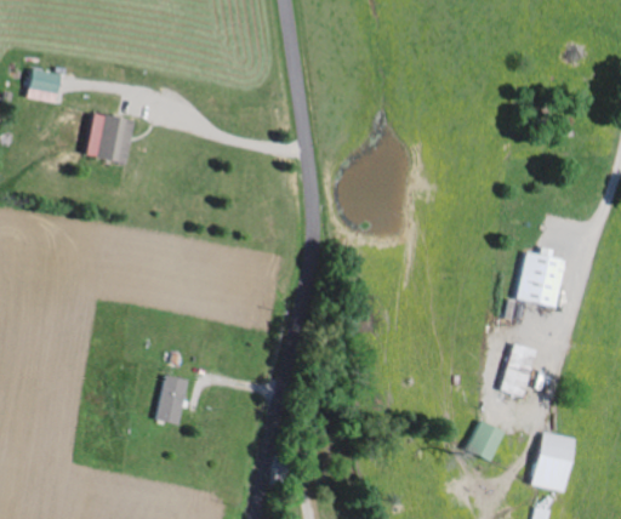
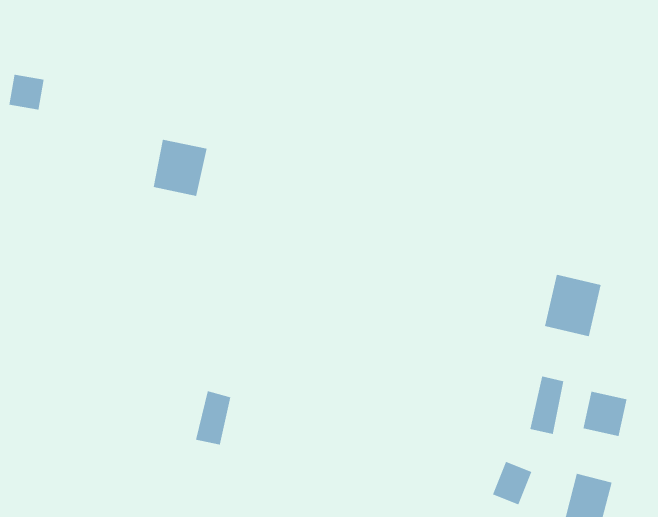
building: [85,112,135,164] -> [153,139,208,197]
building: none -> [583,391,627,437]
building: [155,375,188,424] -> [195,390,231,445]

